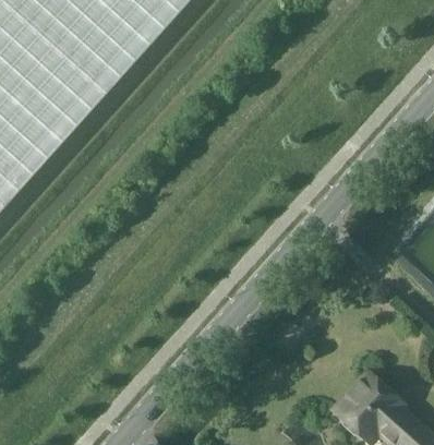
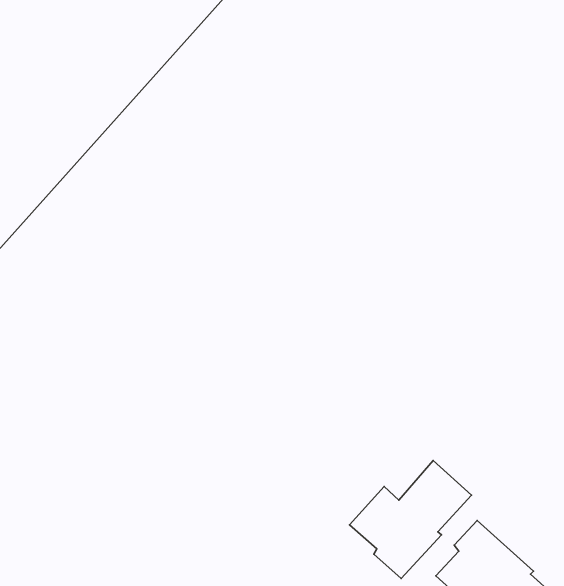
building: none -> [350,461,471,578]

